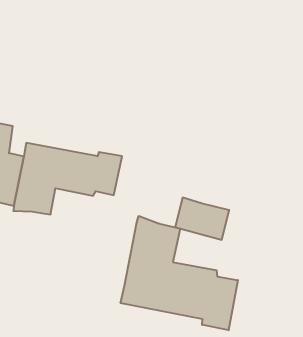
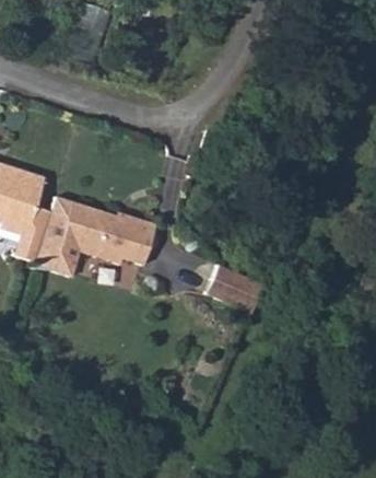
building: [121,216,238,330] -> none

